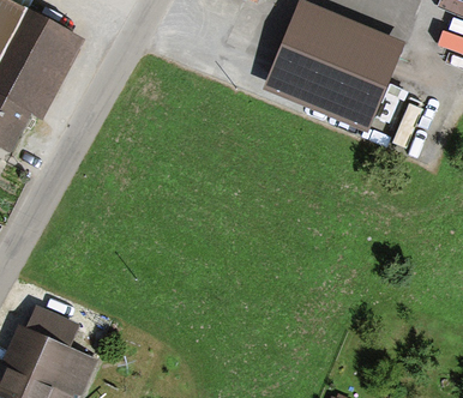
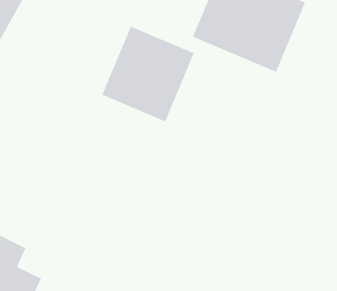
building: none -> [102,26,195,122]

